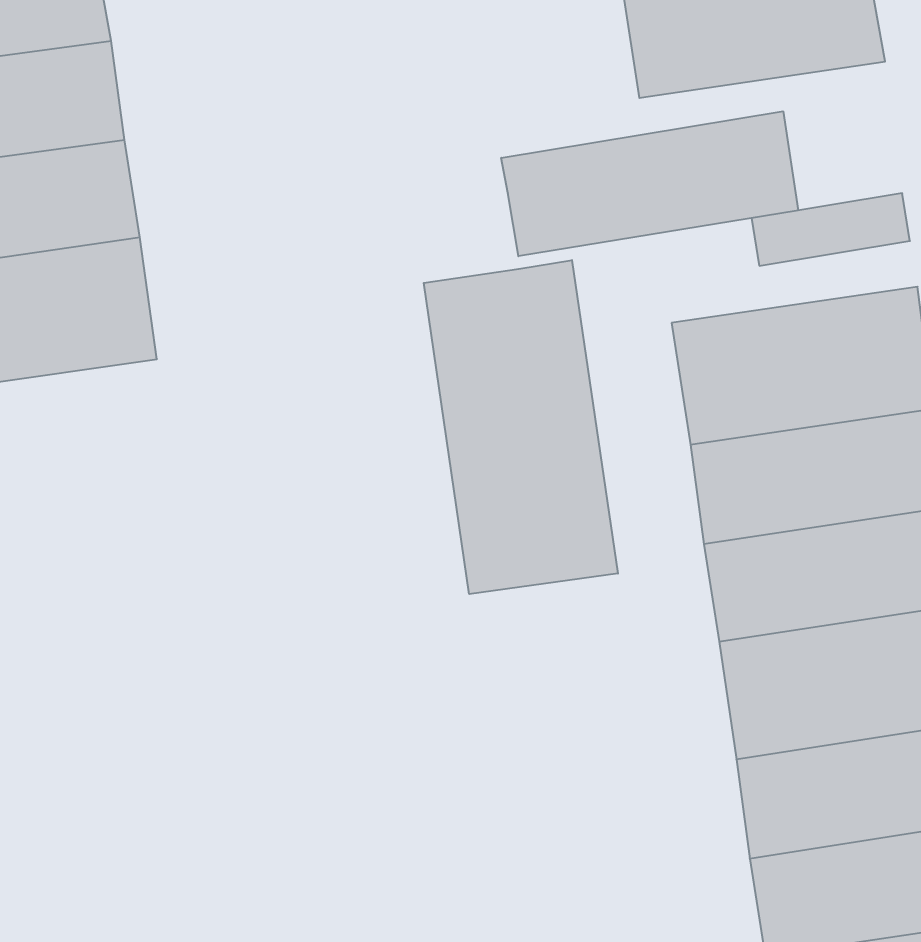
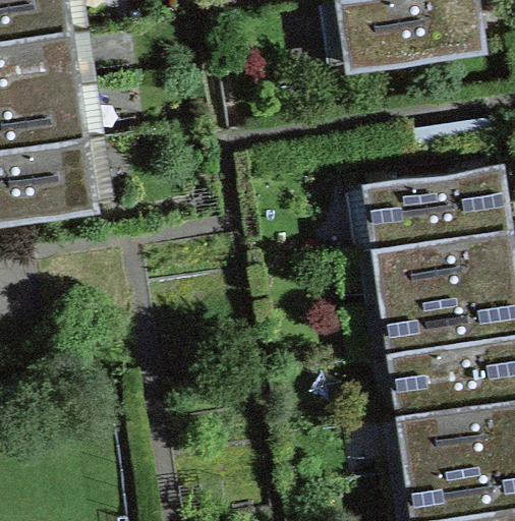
building: [501,111,798,256] -> none
building: [424,260,618,594] -> none

